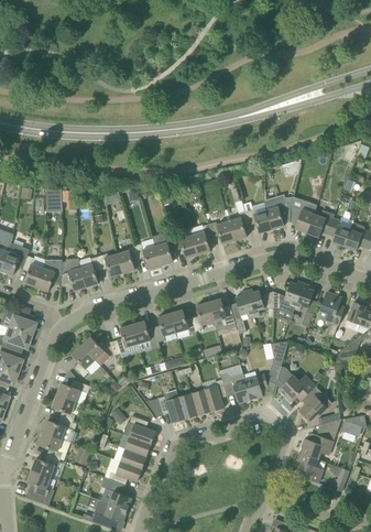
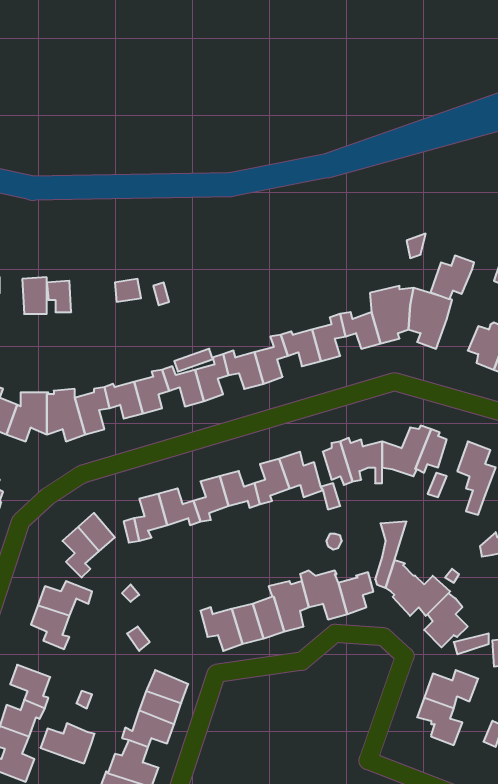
building: [307,209,335,237] -> [430,256,474,299]
building: [130,415,156,444] -> none
building: [43,416,77,442] -> [40,723,95,763]

